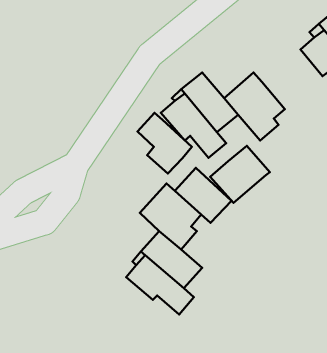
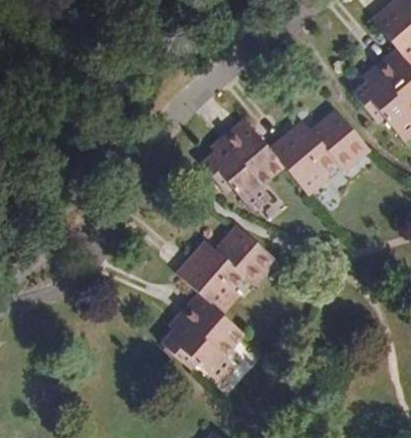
building: none -> [312,108,372,170]
building: [138,113,192,174] -> none
building: [210,146,270,203] -> none

